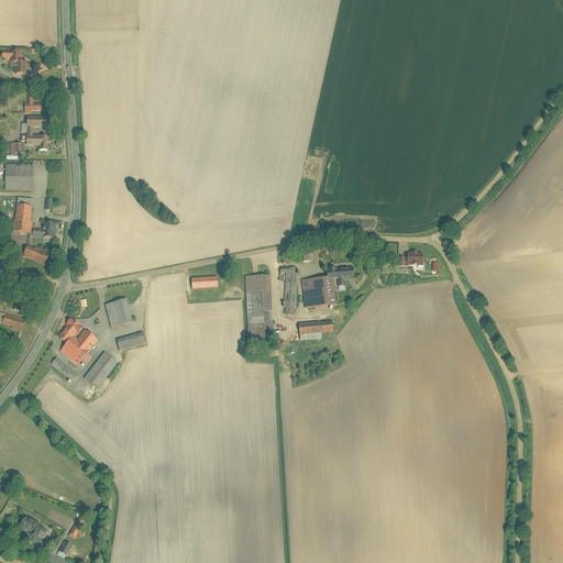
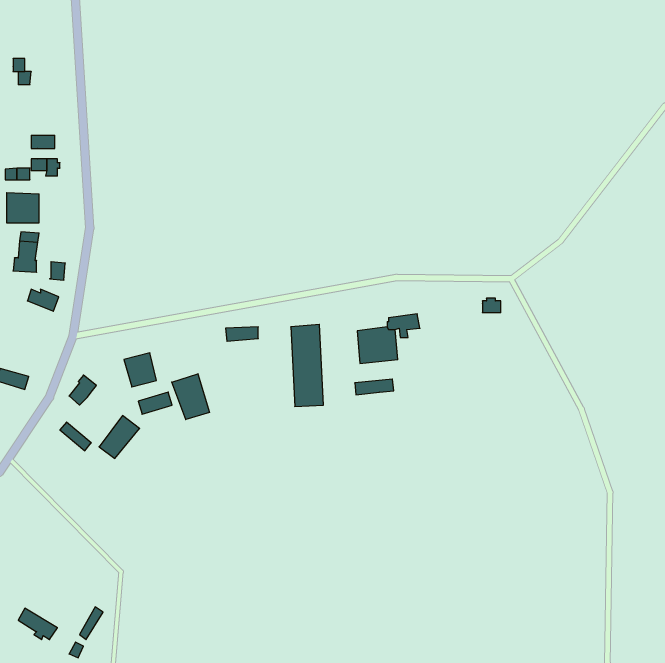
building: [282,266,297,314] -> none
building: none -> [172,374,210,420]
building: [60,328,98,364] -> none

